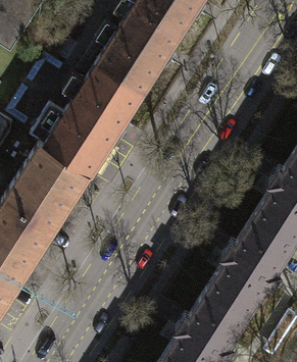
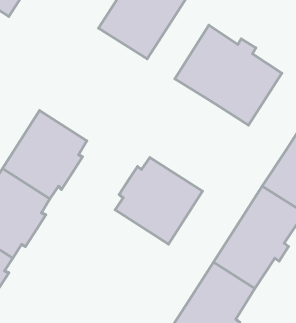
building: none -> [175,25,282,125]
building: [32,58,146,170] -> none
building: none -> [115,158,202,244]

